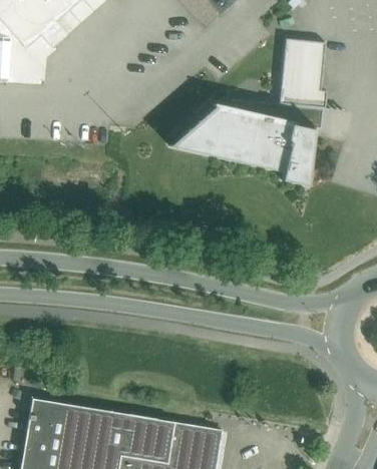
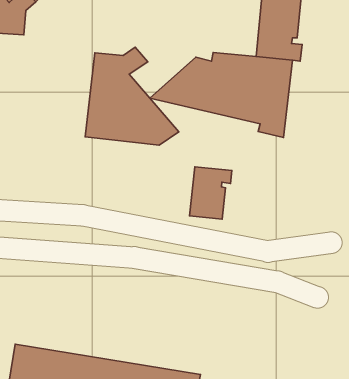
building: none -> [85,47,179,145]
building: none -> [189,167,232,219]

